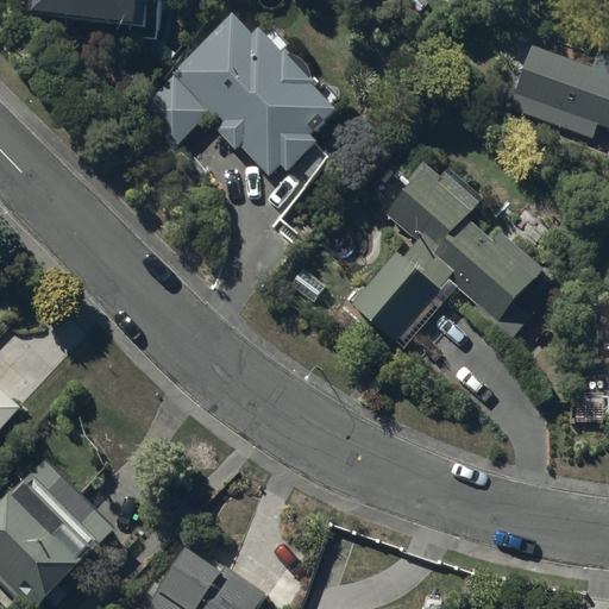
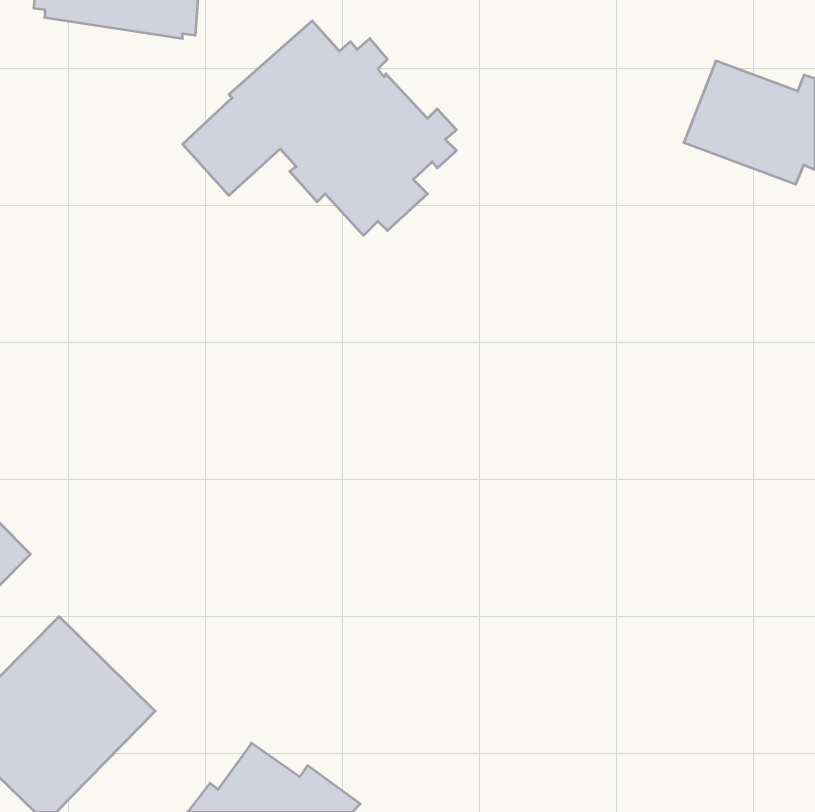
building: [350,161,546,343] -> none

